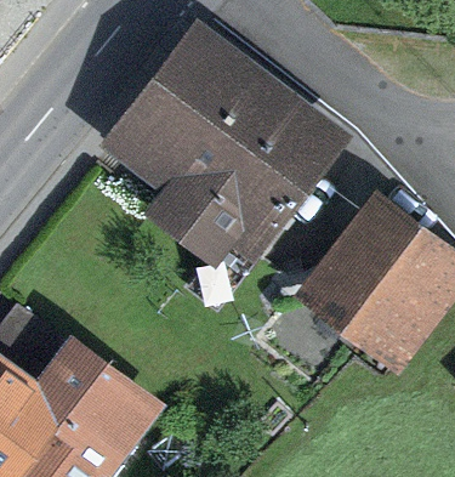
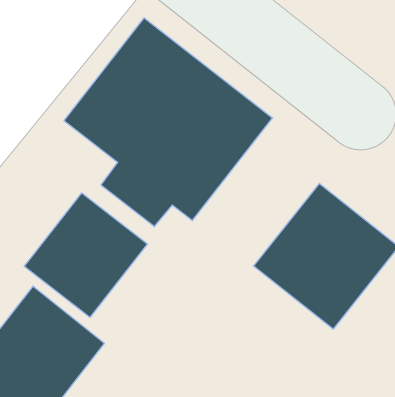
building: none -> [24,193,147,317]

